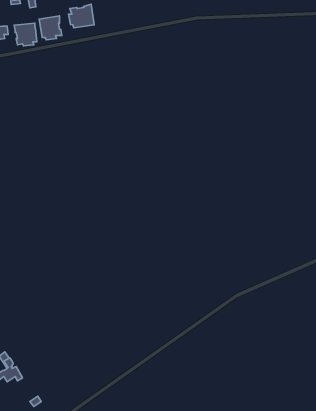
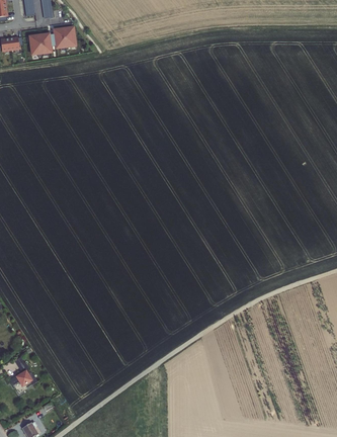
building: [68,4,94,28] -> none

